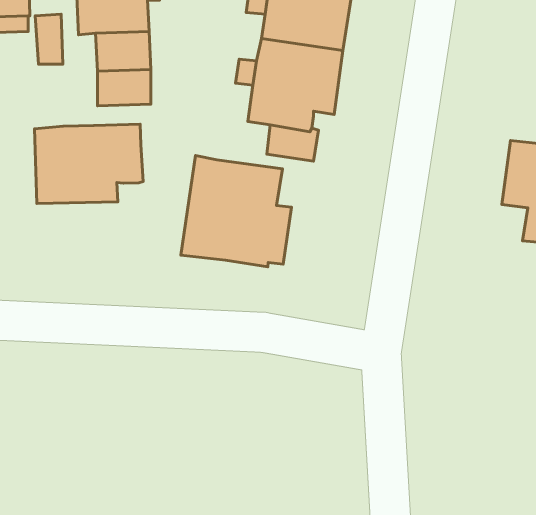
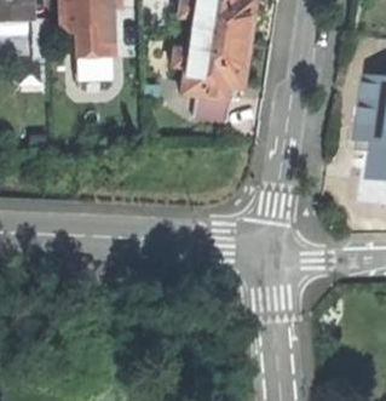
building: [34,124,143,204] -> none
building: [181,155,291,267] -> none

